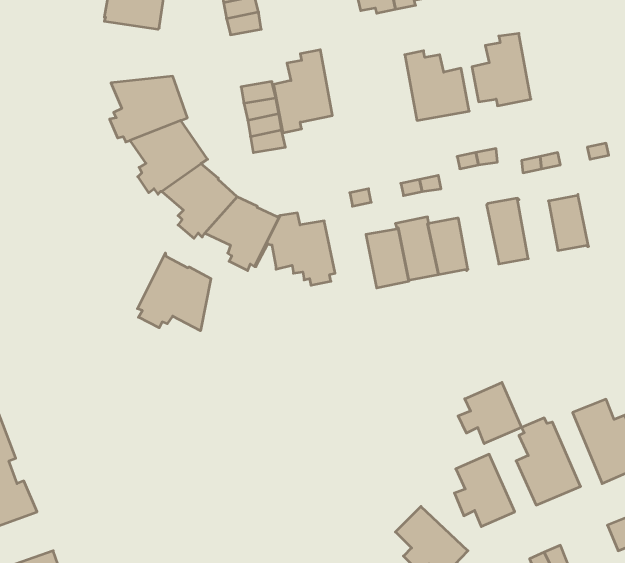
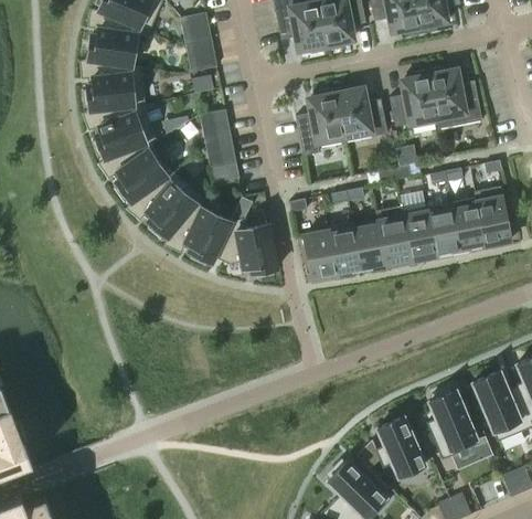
building: none -> [82,61,145,112]
building: none -> [428,67,482,129]
building: [273,50,332,133] -> [296,88,344,157]
building: none -> [474,187,511,246]
building: none -> [427,203,460,256]
building: none -> [375,206,412,265]
building: [137,253,211,331] -> none
building: [458,382,522,444] -> none

